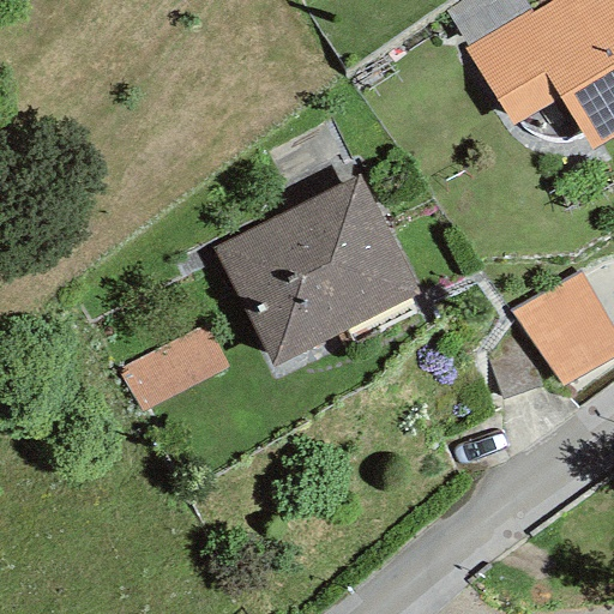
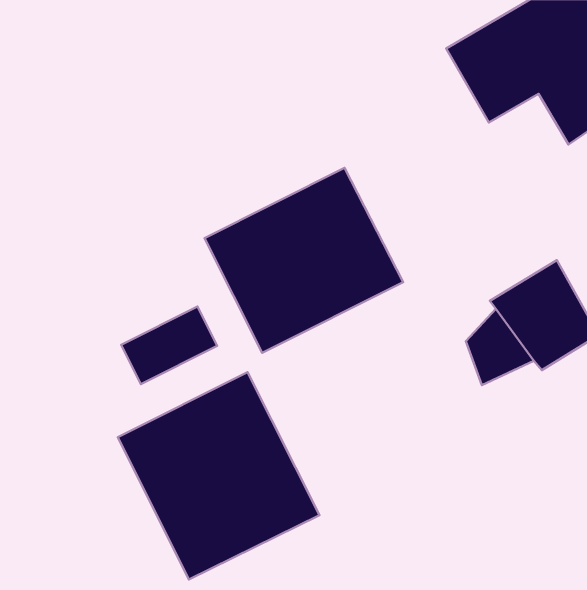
building: none -> [118,372,320,579]

